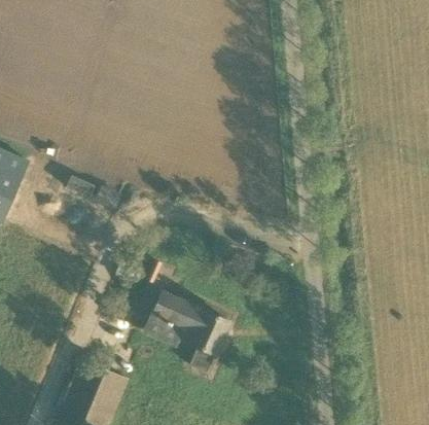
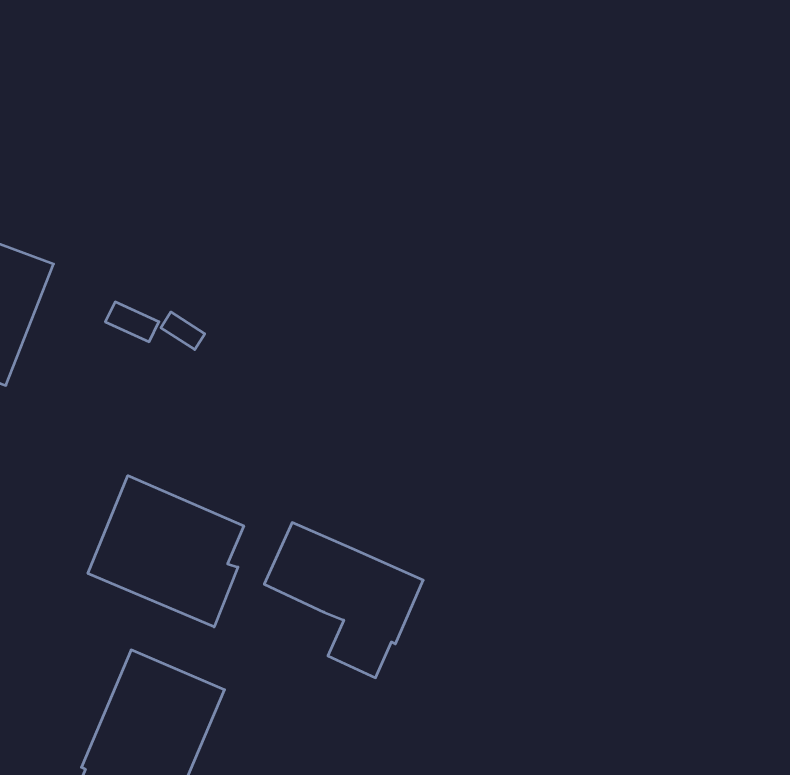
building: none -> [88,476,244,627]

